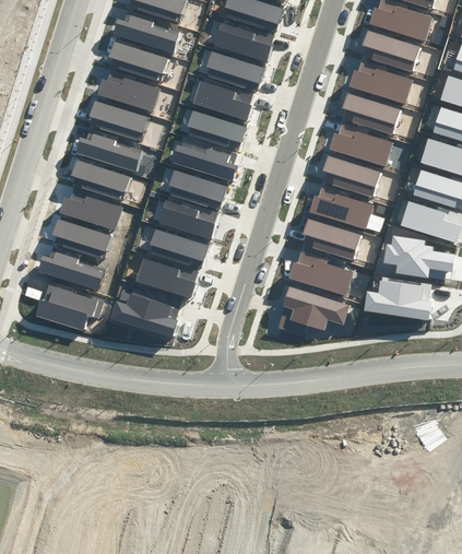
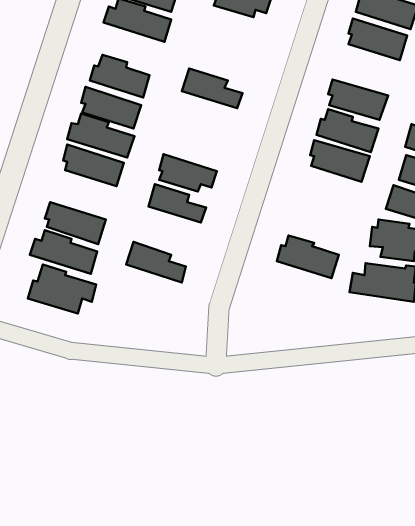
building: [213,22,272,61] -> none
building: [108,39,170,81] -> none
building: [205,50,264,87] -> none
building: [348,59,412,103] -> none
building: [187,109,246,148] -> none
building: [170,144,236,180] -> none
building: [308,185,372,228] -> none
building: [59,186,121,229] -> none
building: [301,217,363,260] -> none
building: [149,227,208,266] -> none
building: [276,286,348,335] -> none
building: [109,293,176,337] -> none

